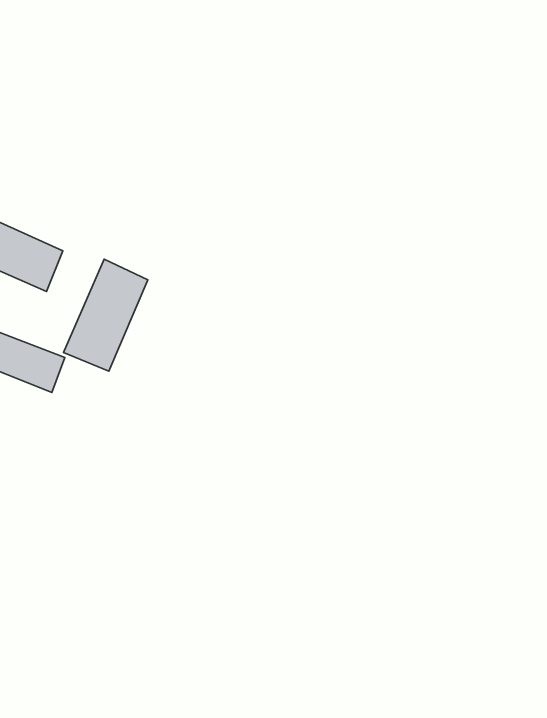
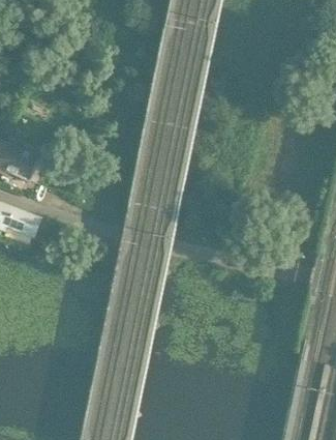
building: [64,259,148,371] -> none

